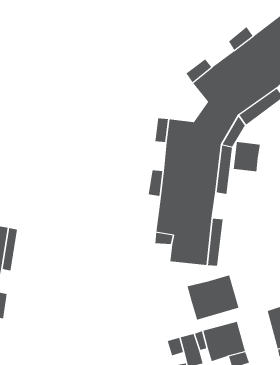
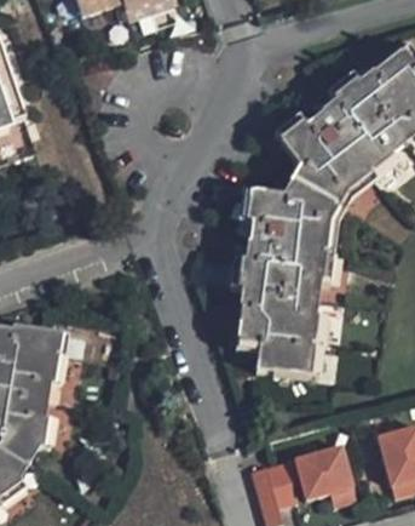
building: [233,141,261,172] -> none
building: [187,274,239,321] -> none

